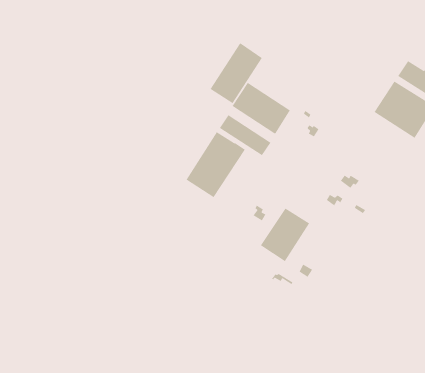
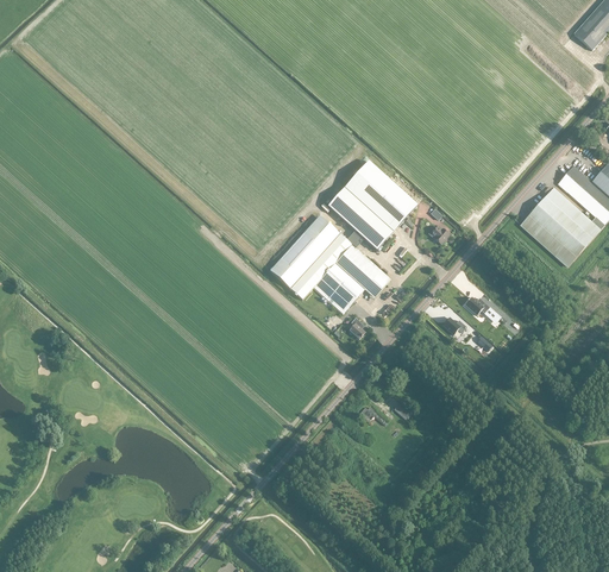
building: [209,43,263,104] -> none
building: [260,207,310,262] -> [314,244,382,313]

